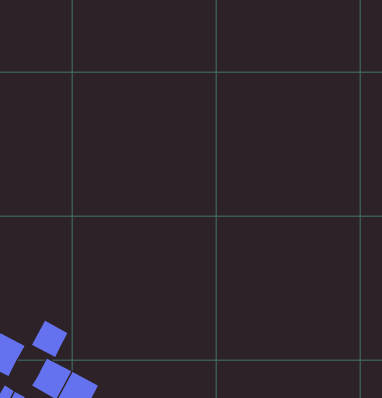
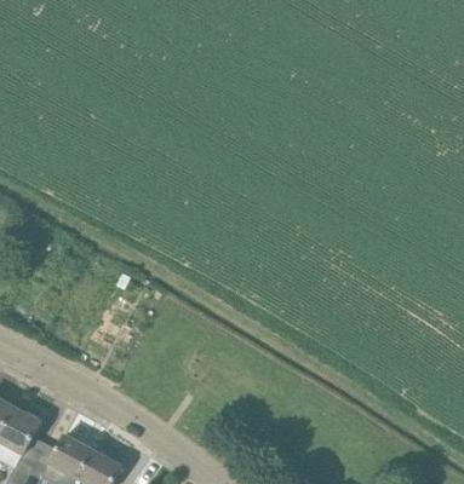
building: [31,320,68,358] -> none

